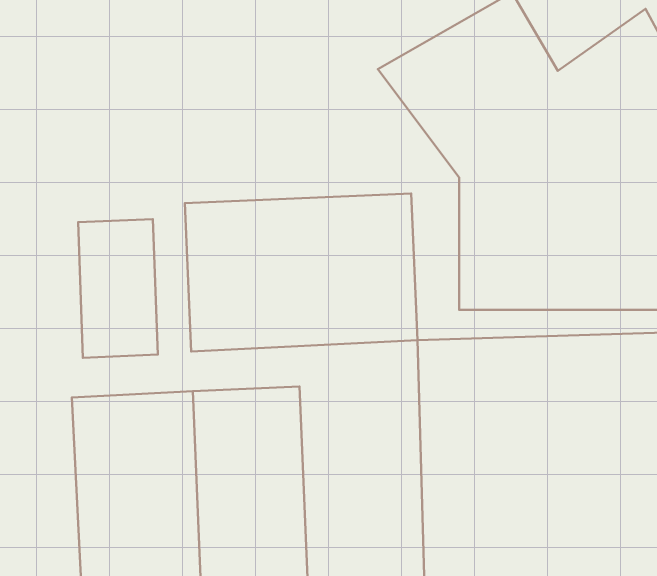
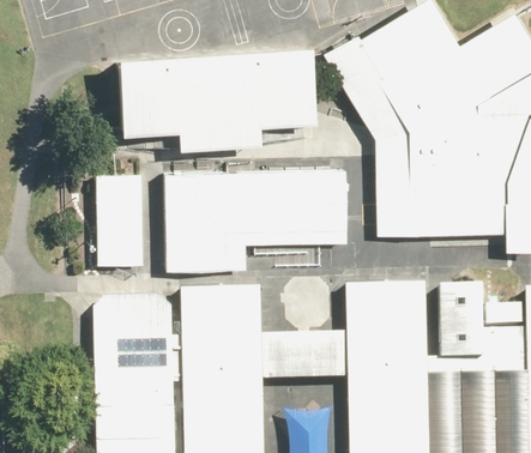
building: none -> [97,52,314,131]

